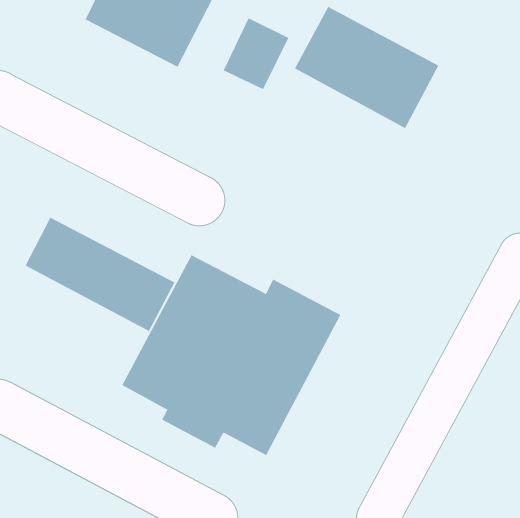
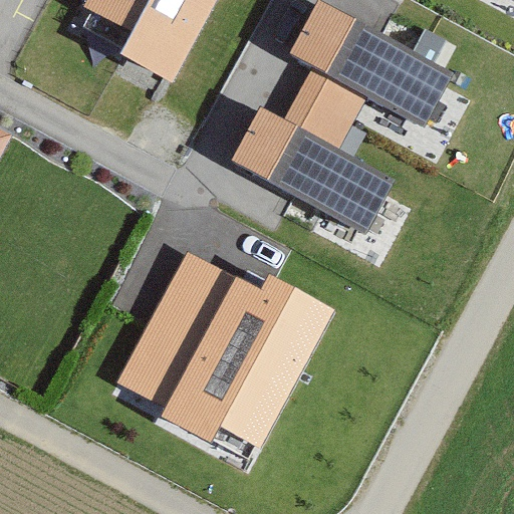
building: none -> [225,101,383,236]
building: [25,217,175,332] -> none

